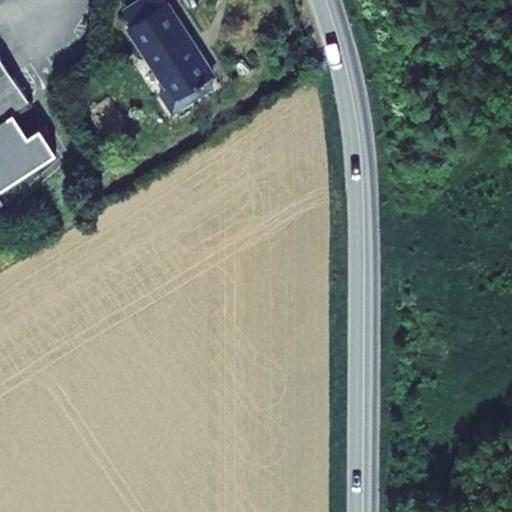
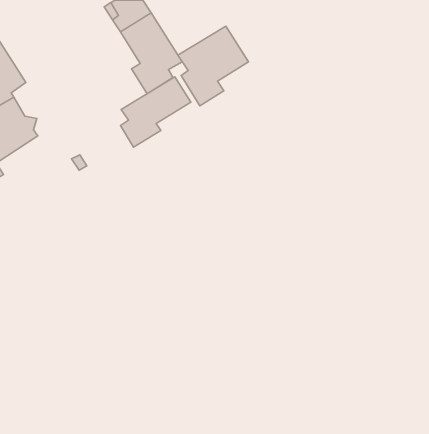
building: none -> [178,26,248,106]
building: none -> [121,77,191,147]

